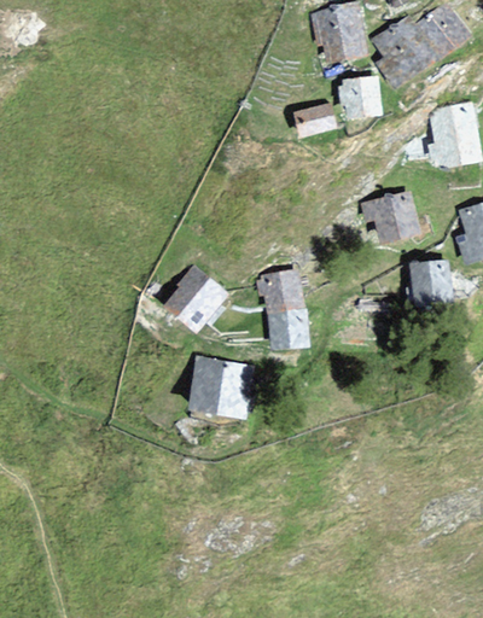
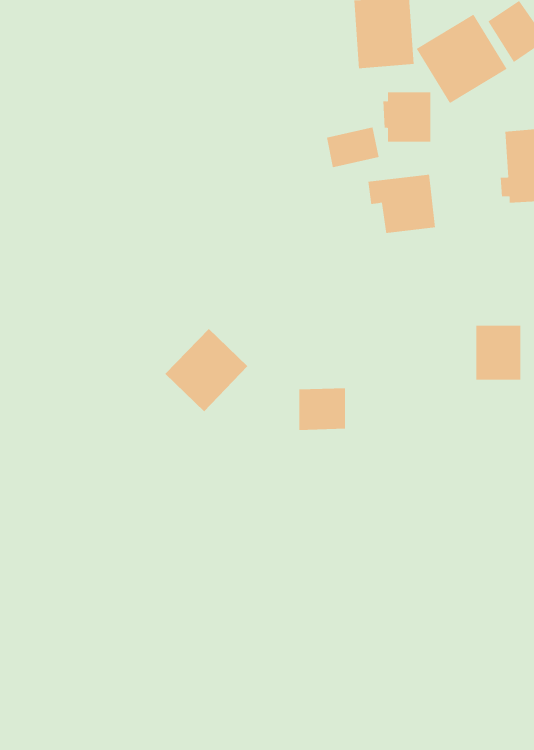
building: [365,194,419,241] -> [367,174,436,234]
building: [260,270,304,310] -> none
building: [185,352,255,422] -> none

